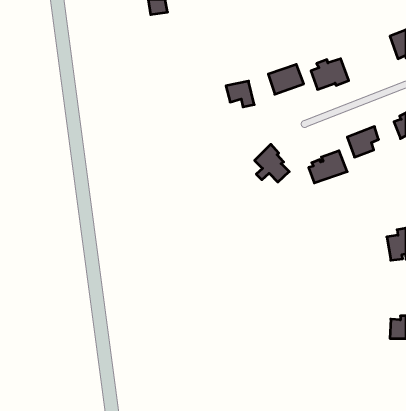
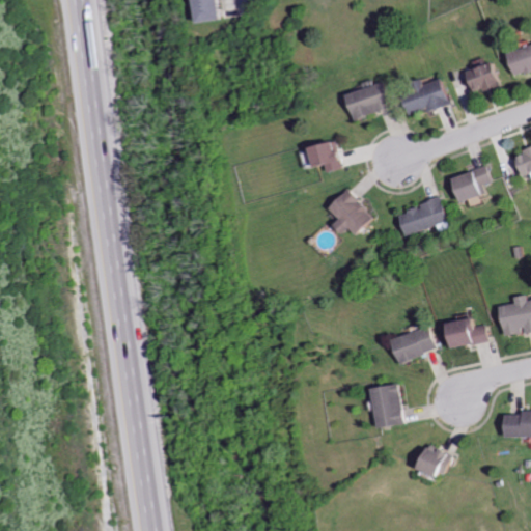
building: none -> [463,63,498,92]
building: [226,81,254,107] -> [304,142,340,175]
building: none -> [445,320,490,348]
building: none -> [390,326,435,365]
building: none -> [371,386,403,429]
building: none -> [413,443,453,478]

